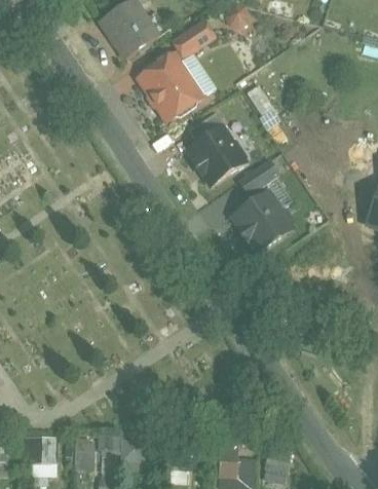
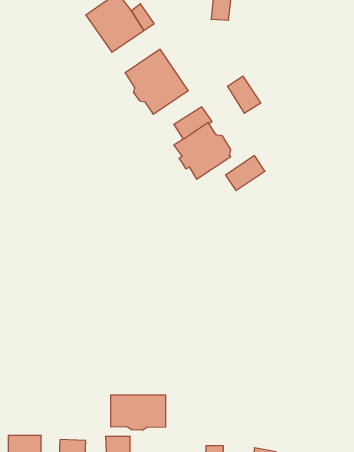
building: [173,21,214,57] -> none
building: [233,193,292,252] -> none
building: none -> [111,395,166,430]

